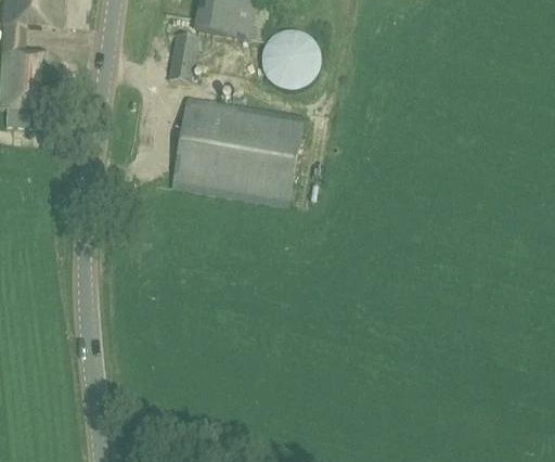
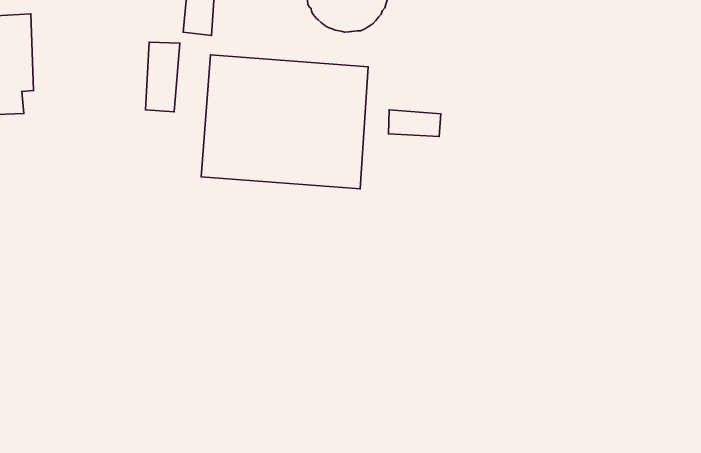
building: none -> [146,42,180,112]
building: none -> [388,110,441,137]

